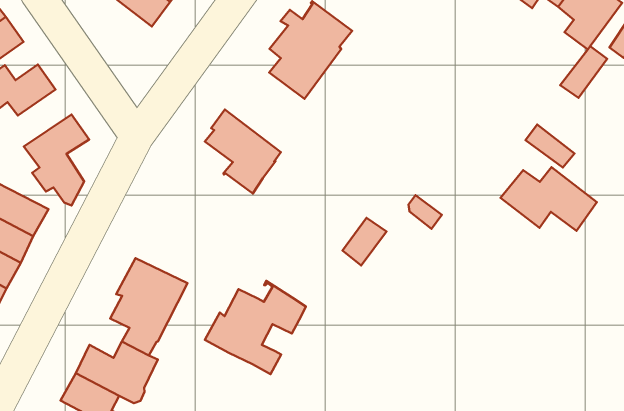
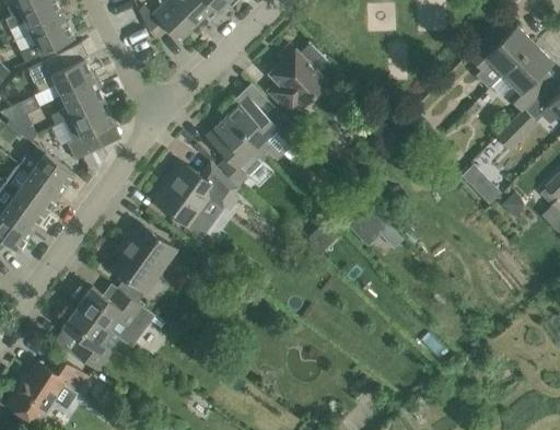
building: none -> [226,100,292,161]
building: none -> [50,81,104,126]
building: [501,167,597,231] -> none
building: [205,281,306,374] -> [153,163,237,237]

